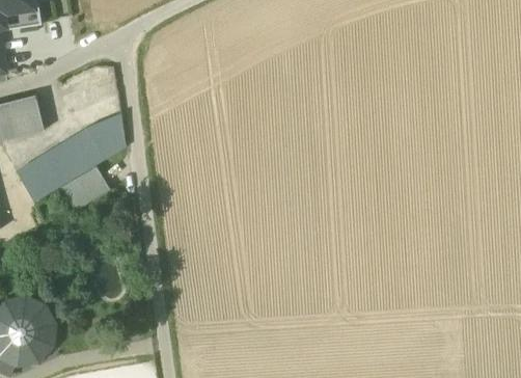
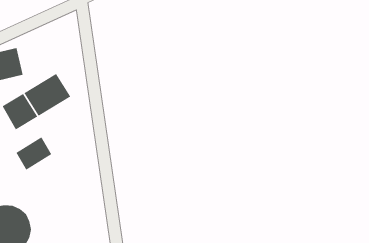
building: [86,114,126,159] -> none
building: [62,167,110,211] -> [15,137,52,170]

